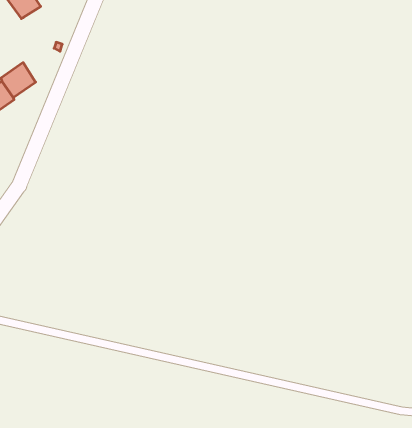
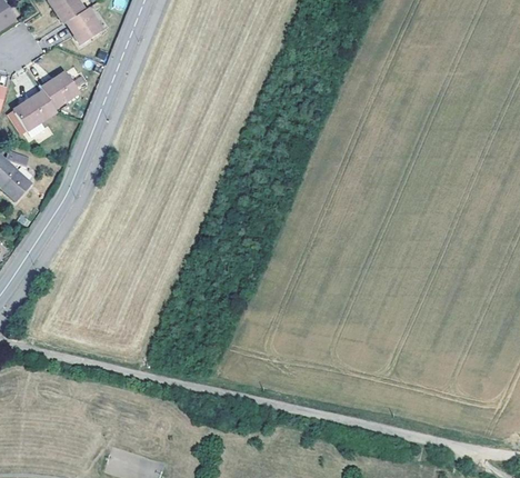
building: none -> [64,8,101,44]

